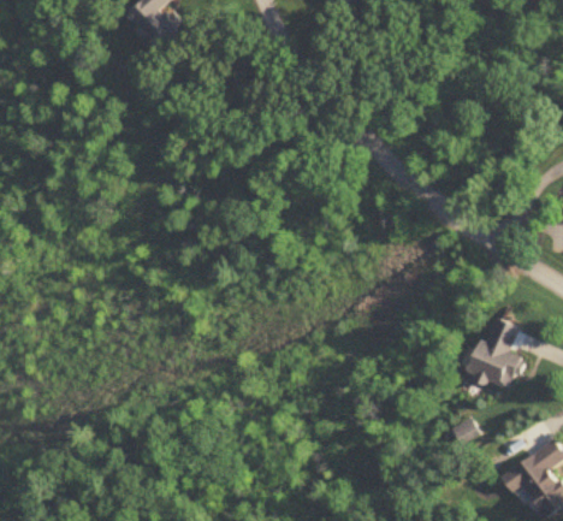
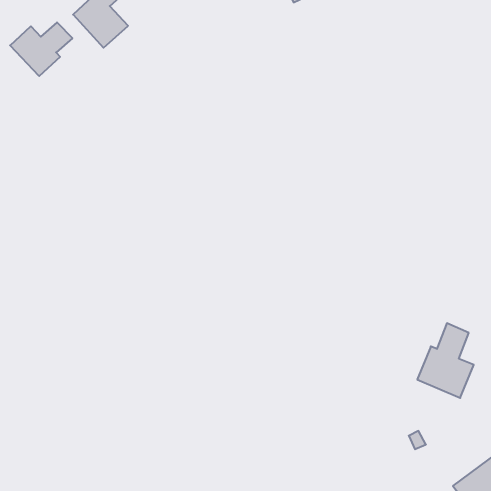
building: none -> [10,22,72,76]

